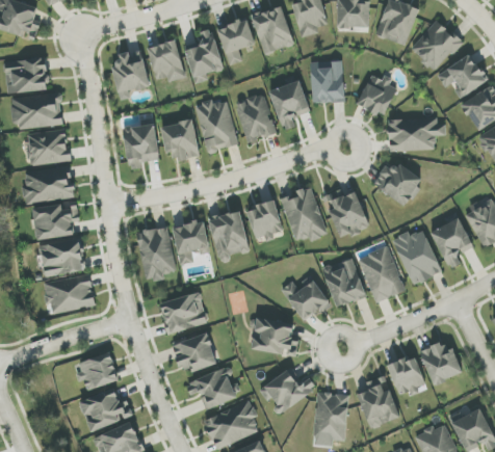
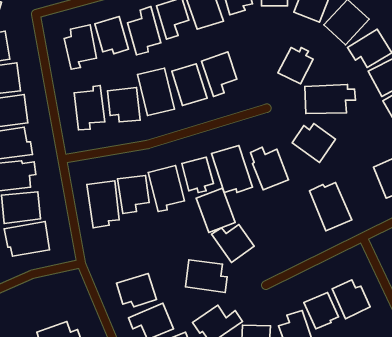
building: [311,60,344,102] -> none
building: [431,216,473,268] -> none
building: [360,245,405,301] -> none
building: [321,256,366,307] -> [196,188,235,233]
building: [158,290,208,334] -> none
building: [77,352,119,390] -> none

